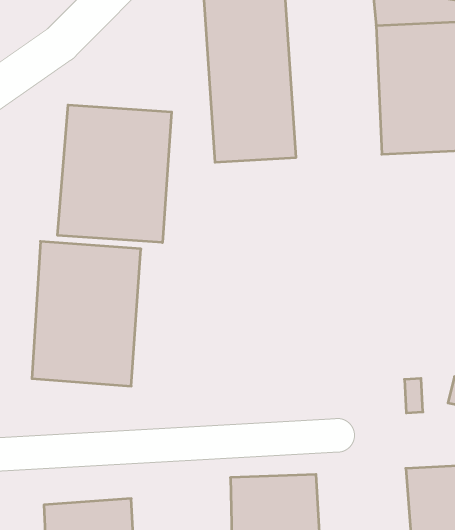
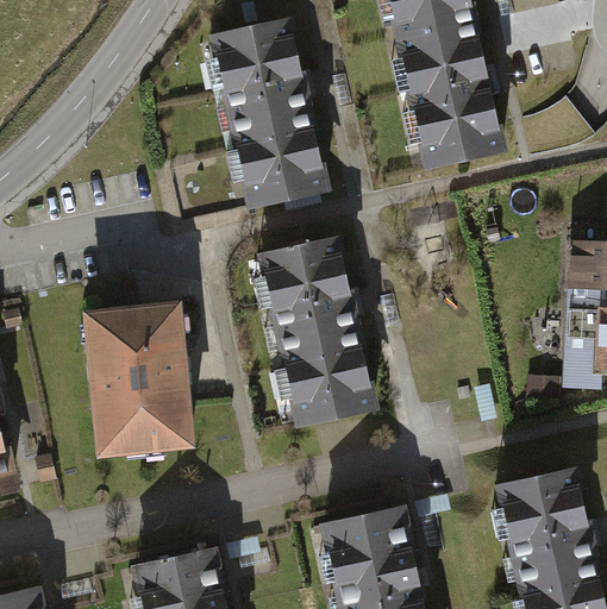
building: [58,105,172,243] -> none
building: none -> [255,240,377,431]

